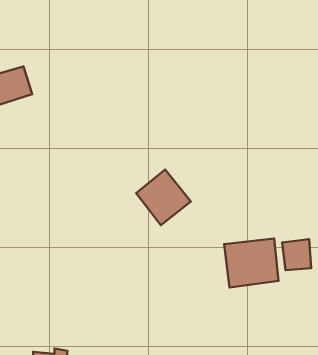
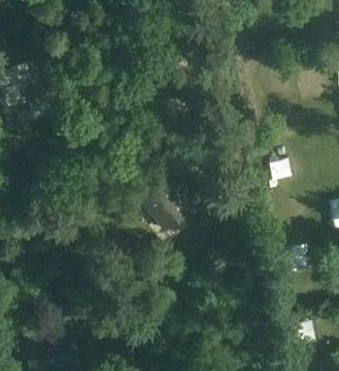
building: [224,238,279,288] -> none

